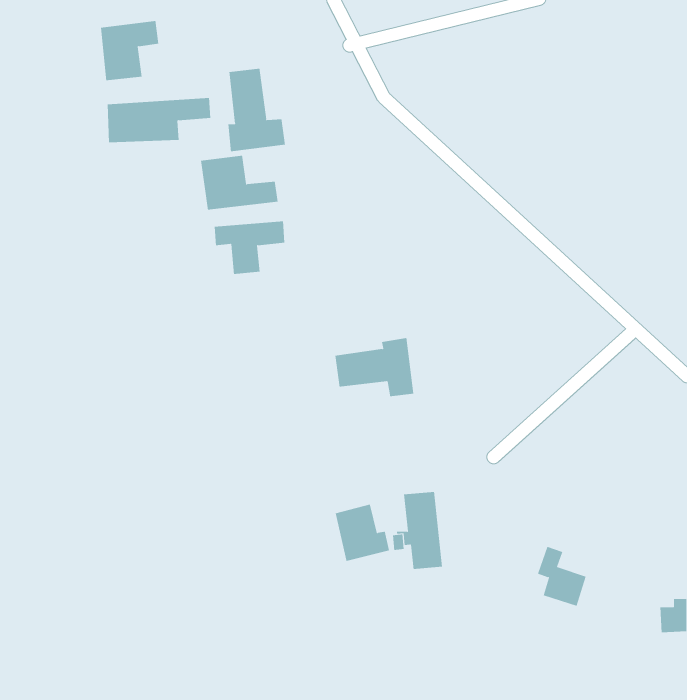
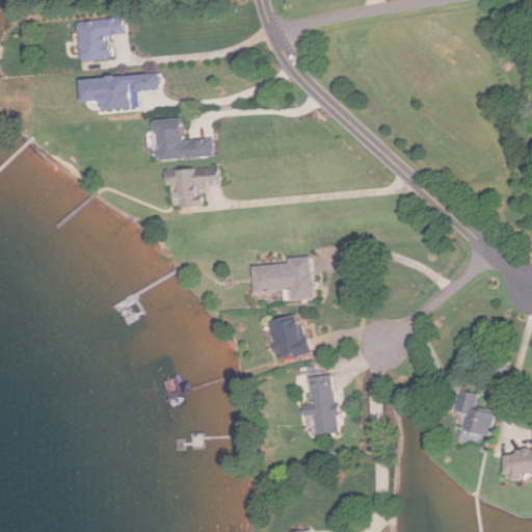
building: [228,68,285,152] -> none
building: [335,504,390,561] -> [268,317,310,361]
building: [537,546,587,607] -> [456,387,494,432]

